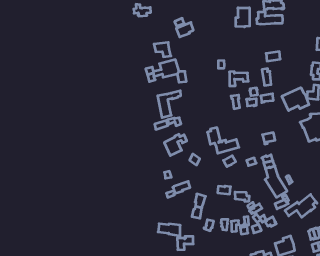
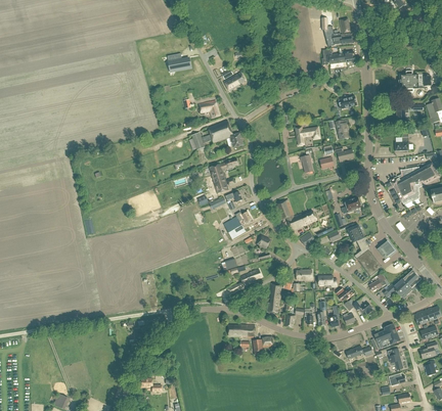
building: [236,8,250,27] -> none
building: [282,88,309,111] -> none

